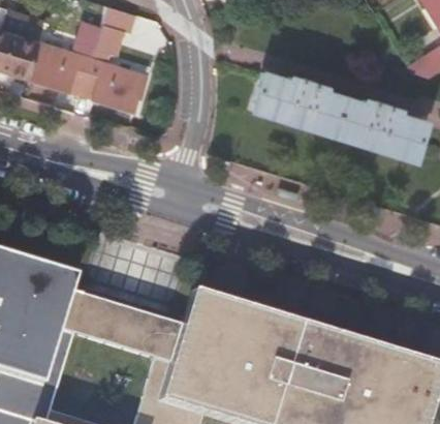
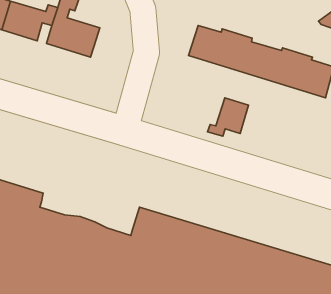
building: none -> [208,98,248,136]

